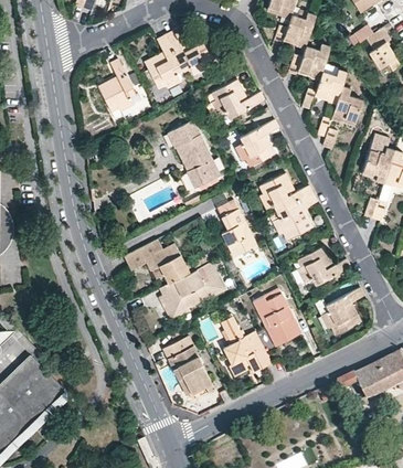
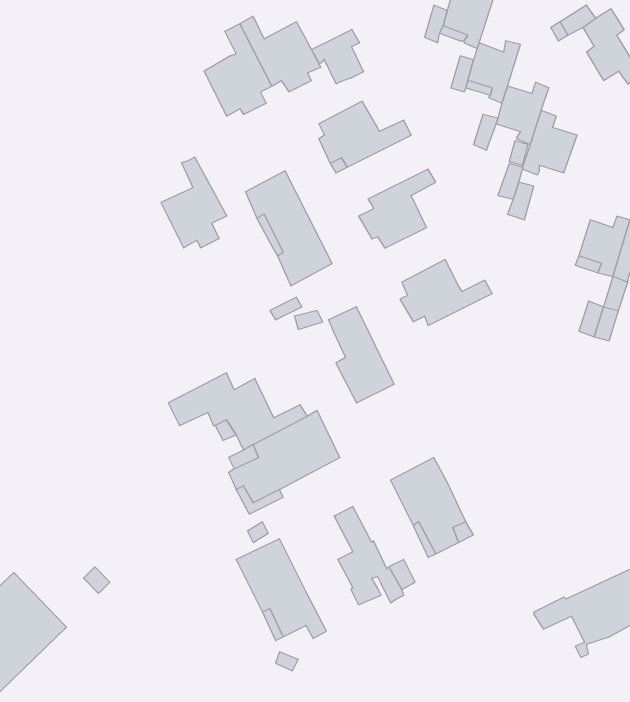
building: none -> [312,29,363,84]
building: [97,59,136,111] -> [161,157,227,248]
building: [272,192,317,240] -> none
building: [297,246,350,284] -> none
building: [321,286,364,333] -> none

